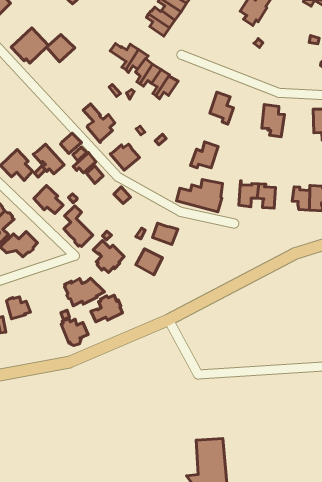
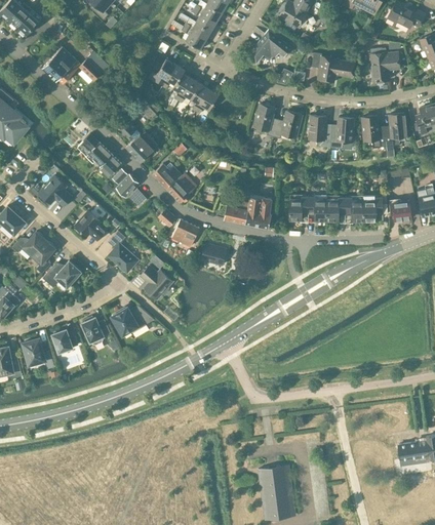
building: none -> [254,30,291,64]
building: none -> [312,52,354,82]
building: none -> [329,116,353,148]
building: [191,142,218,168] -> [273,111,301,138]
building: [33,144,64,174] -> [78,134,111,165]
building: none -> [167,174,197,203]
building: none -> [326,196,346,223]
building: [136,249,163,275] -> [171,219,199,246]
building: [91,295,122,322] -> none
building: [61,319,88,345] -> [81,317,110,345]

